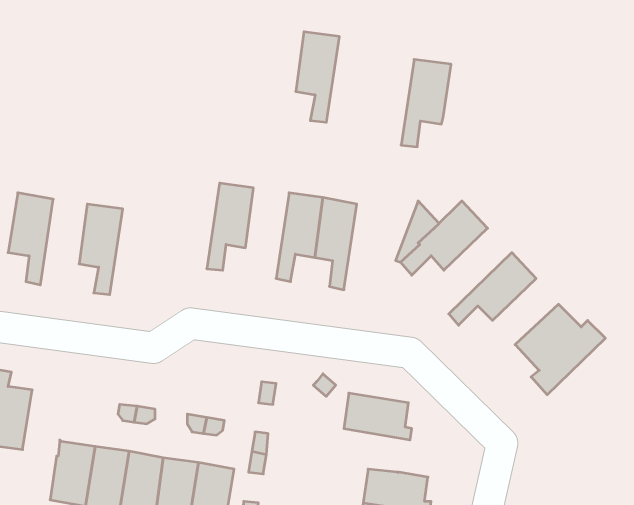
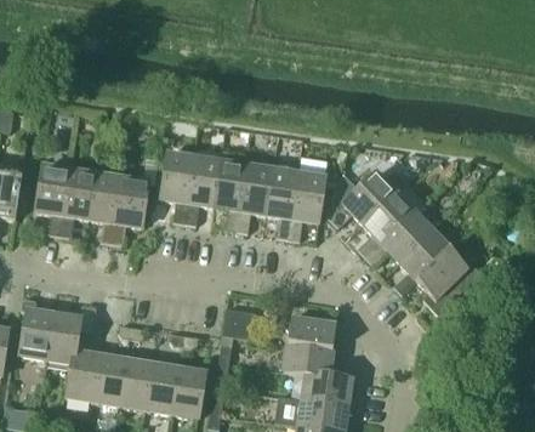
building: [296,32,339,122] -> [214,160,246,228]
building: [401,59,451,147] -> [288,172,325,238]
building: none -> [160,152,194,221]
building: none -> [59,169,95,234]
building: none -> [112,176,148,243]
building: none -> [358,191,414,255]
building: none -> [394,228,449,292]
building: none -> [46,305,96,362]
building: none -> [283,341,337,374]

